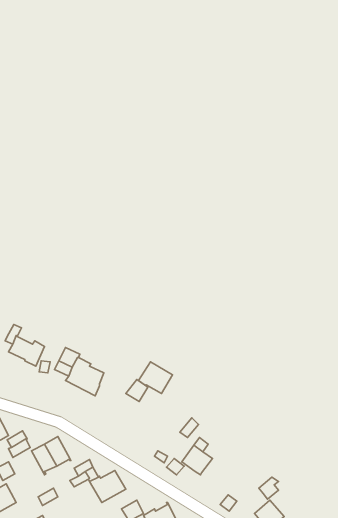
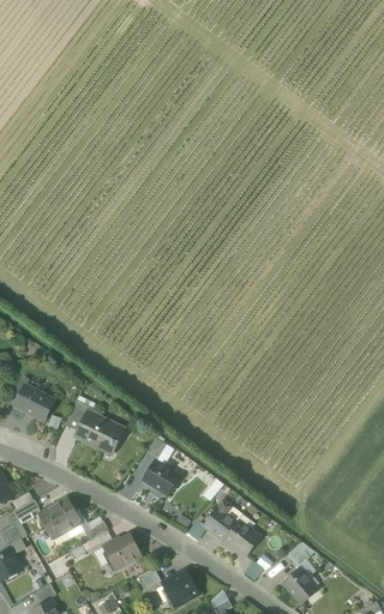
building: [138,362,173,394] -> [144,459,181,494]
building: none -> [226,520,259,554]

